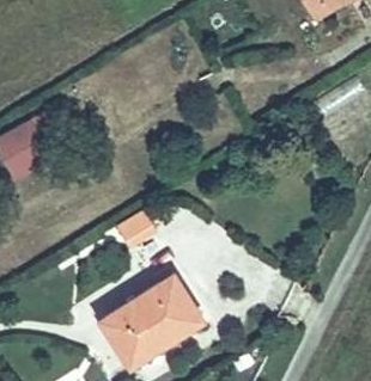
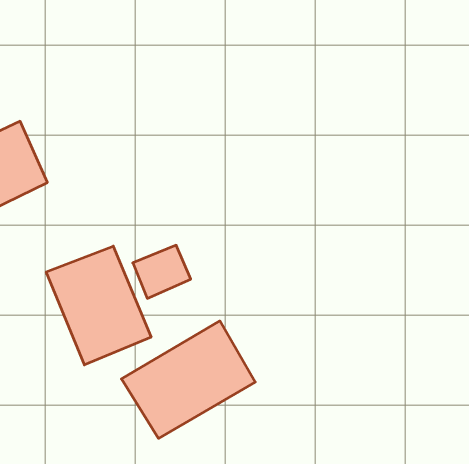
building: none -> [46,246,151,365]

